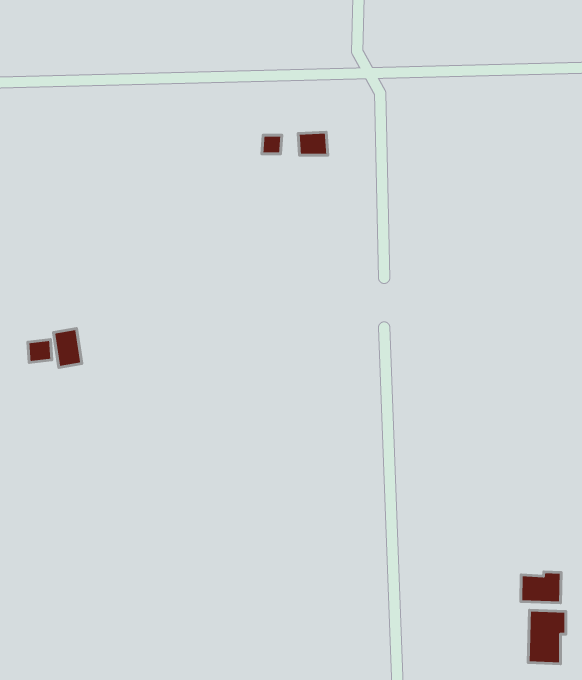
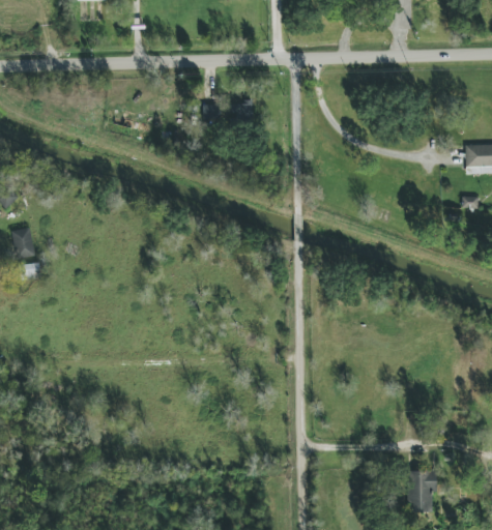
building: [54,329,82,368] -> [12,228,34,258]
building: [521,572,561,603] -> none

